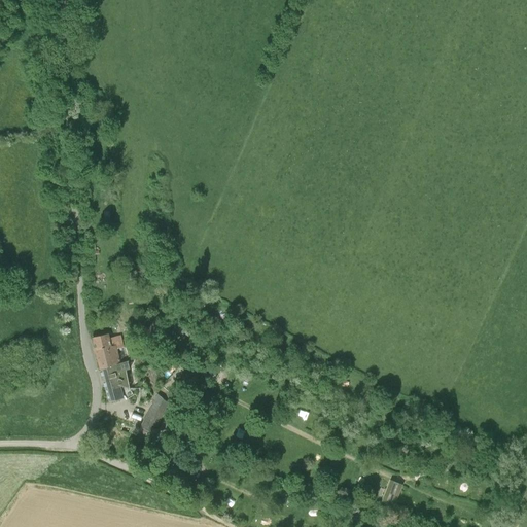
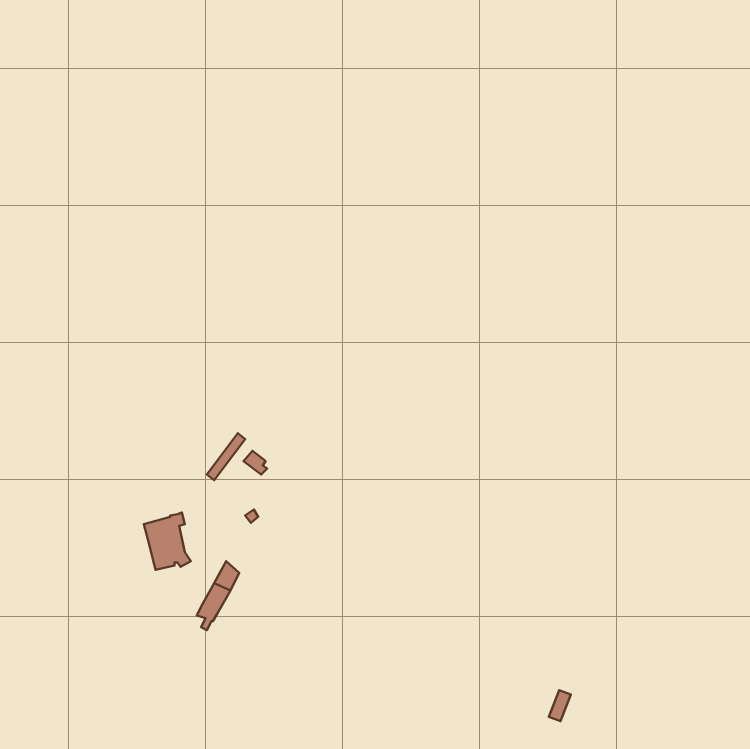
building: [93,332,124,367] -> none

